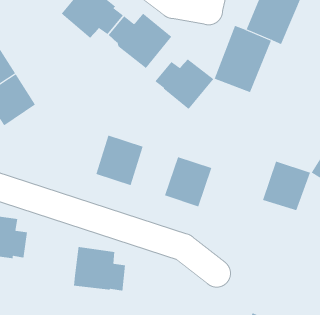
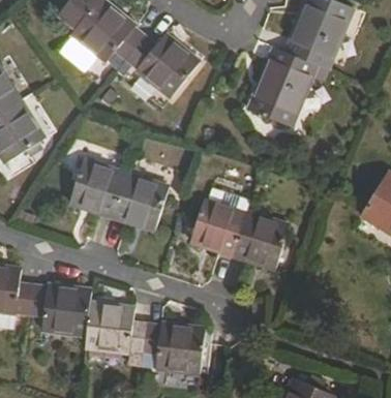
building: [155,58,214,110] -> none
building: none -> [70,159,126,218]
building: [262,161,311,211] -> [232,211,289,269]
building: none -> [29,285,92,336]
building: none -> [144,323,207,374]

